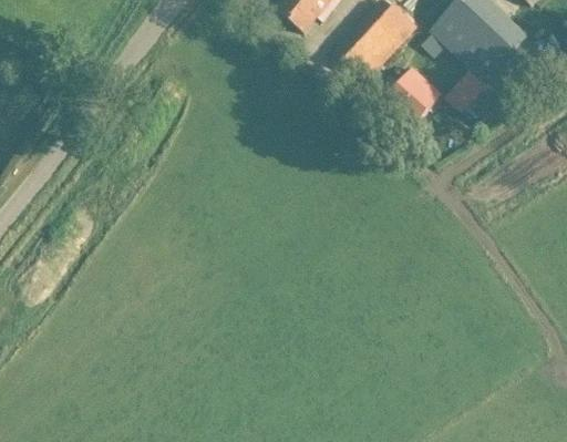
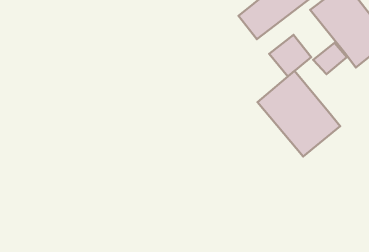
building: none -> [257,71,340,157]

